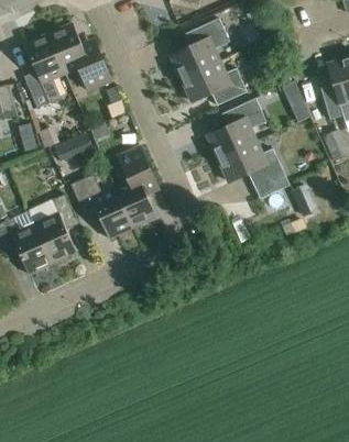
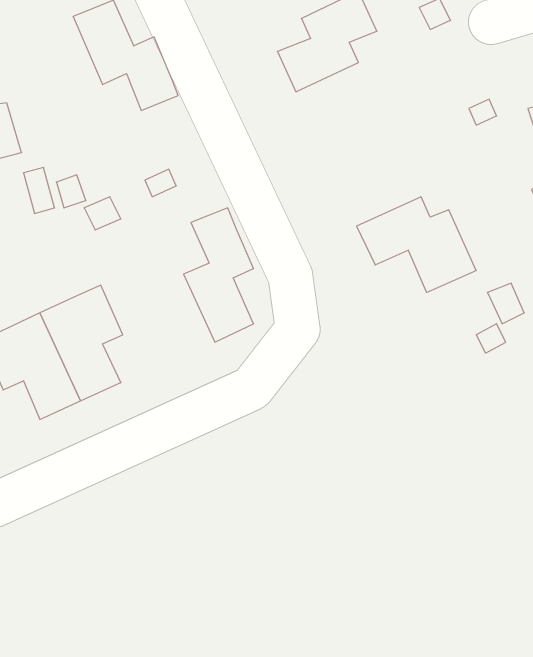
building: [24,33,66,108] -> none
building: [182,60,247,106] -> none
building: [207,98,266,158] -> none
building: [70,178,133,237] -> none

